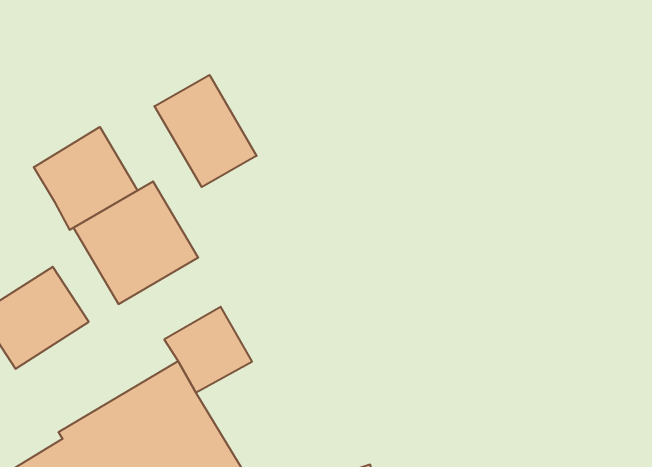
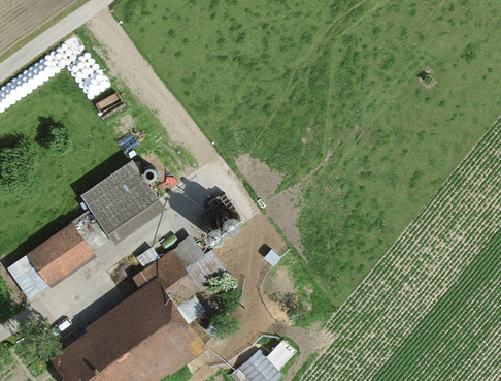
building: [154,75,257,187] -> none
building: [34,127,138,230] -> none

